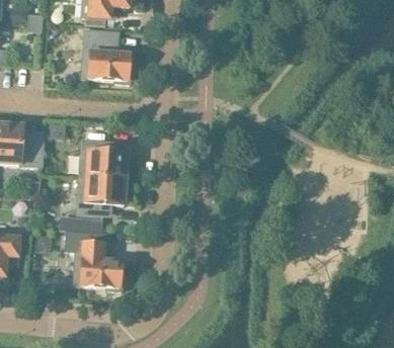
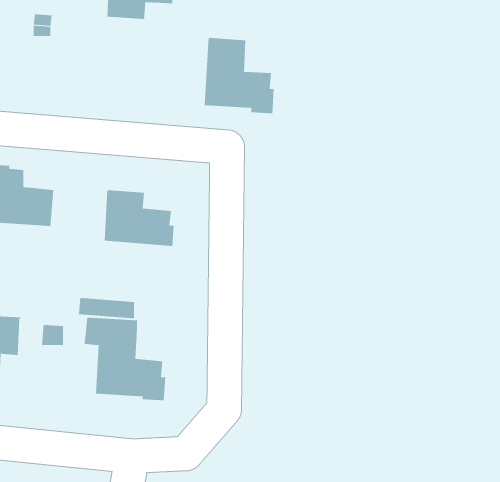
building: [81,28,132,83] -> [204,37,275,114]
building: [77,175,129,214] -> none

